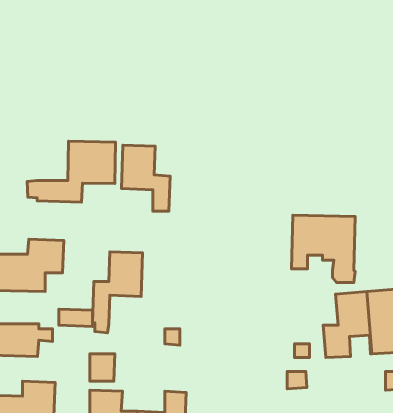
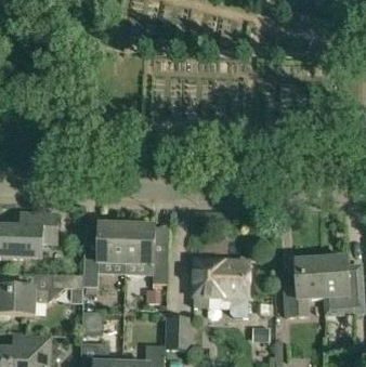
building: [27,141,116,202] -> none
building: [122,145,170,211] -> [126,224,168,281]
building: [291,215,355,283] -> [194,259,249,317]
building: none -> [166,316,194,351]

